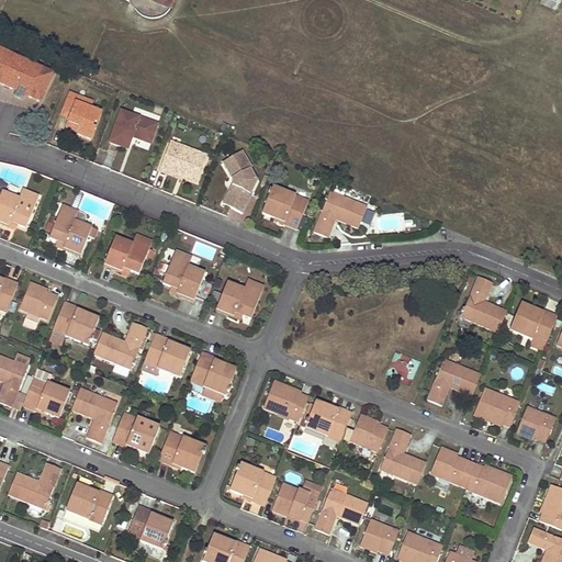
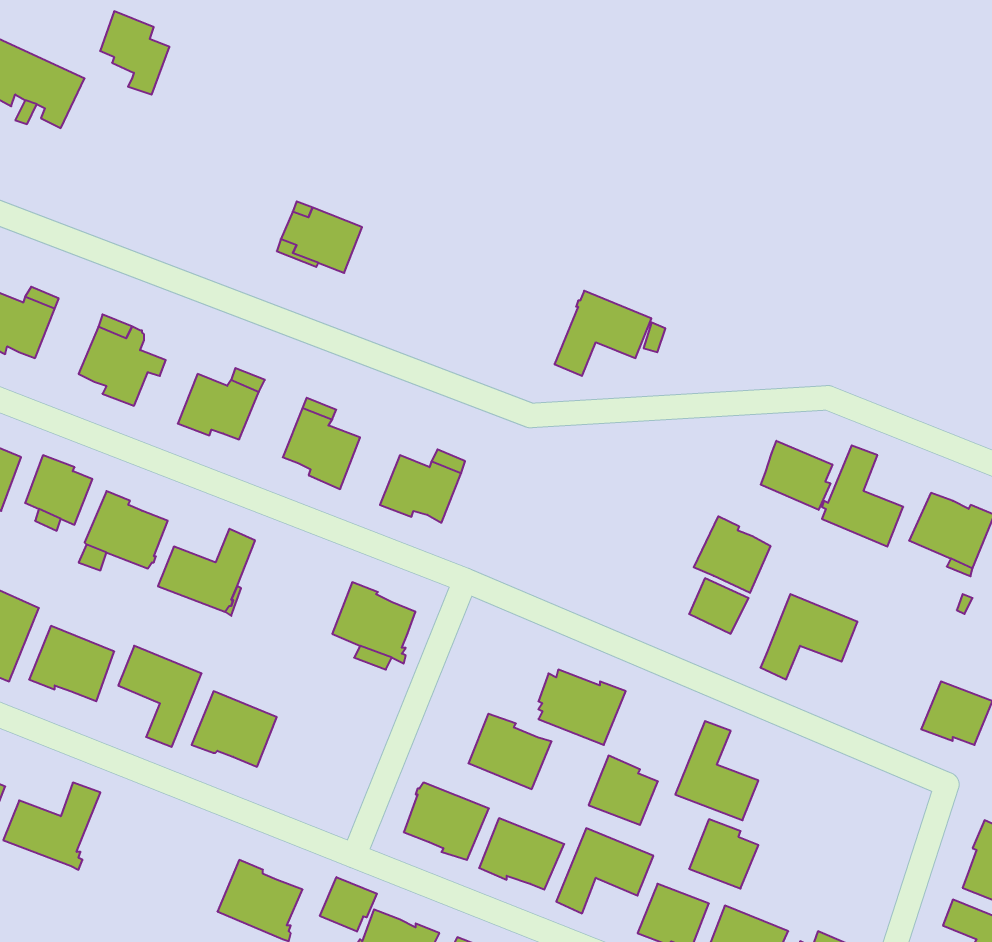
building: [61,91,100,137] -> [100,11,170,95]
building: [109,109,157,147] -> none
building: [222,149,257,212] -> none
building: [261,184,308,228] -> none
building: none -> [761,441,832,510]
building: none -> [694,516,770,593]
building: [144,333,190,375] -> none
building: [262,380,308,422] -> [468,714,552,789]
building: [473,386,520,427] -> none
building: [349,413,387,451] -> [589,756,658,825]
building: [158,430,205,472] -> none
building: [429,446,468,484] -> [689,819,758,889]
building: [465,463,512,503] -> none
building: [66,483,113,524] -> none
building: none -> [320,877,377,932]

